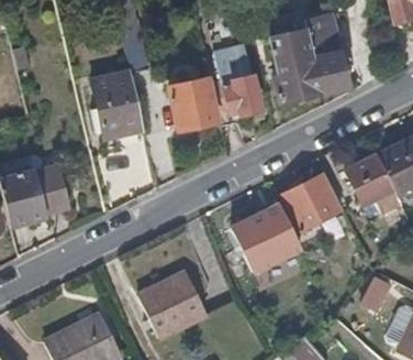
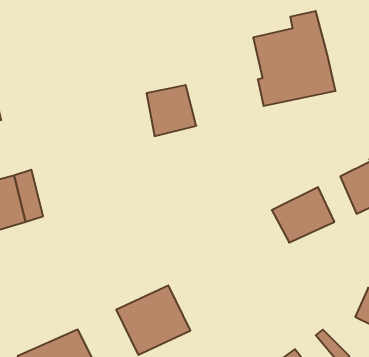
building: [212,46,263,116] -> none
building: [90,66,143,132] -> none
building: [233,207,302,272] -> none

